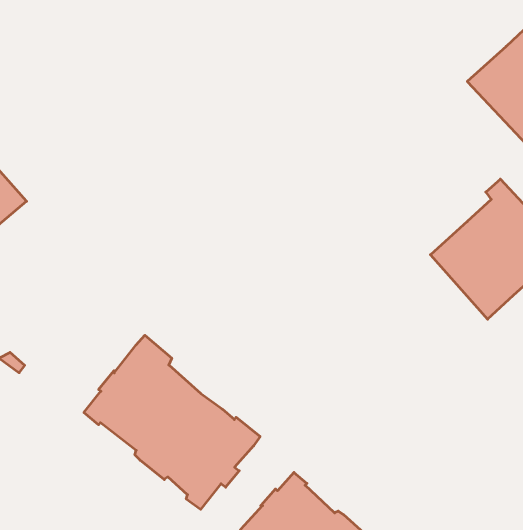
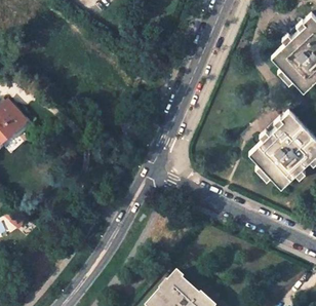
building: [84,335,260,509] -> none

